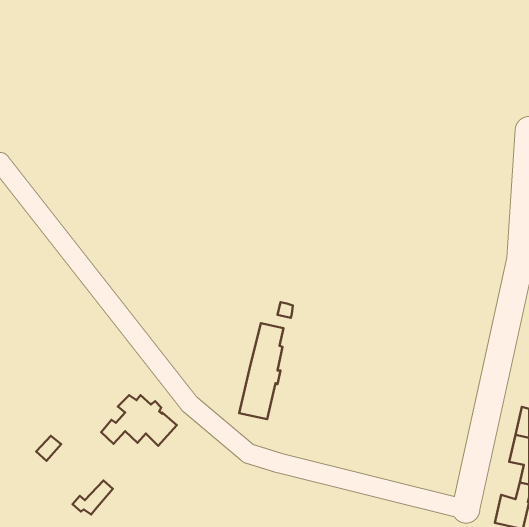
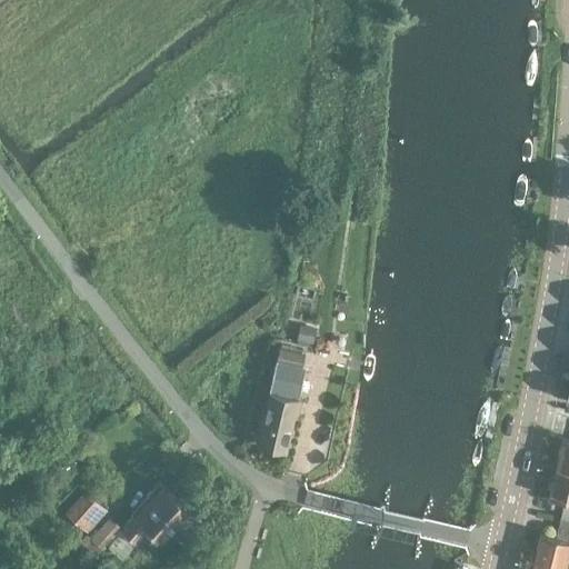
building: [101,395,177,446] -> [123,491,204,546]
building: none -> [67,492,106,532]

